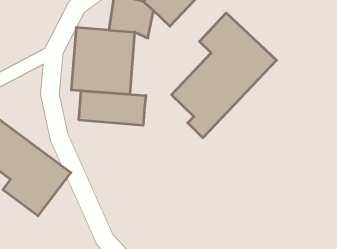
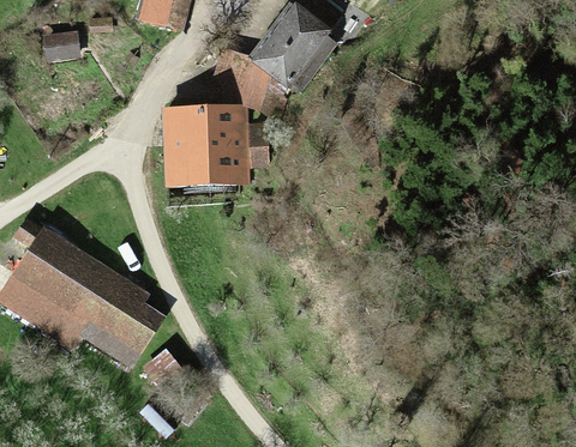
building: [172,13,277,138] -> none
building: [79,91,146,125] -> none

